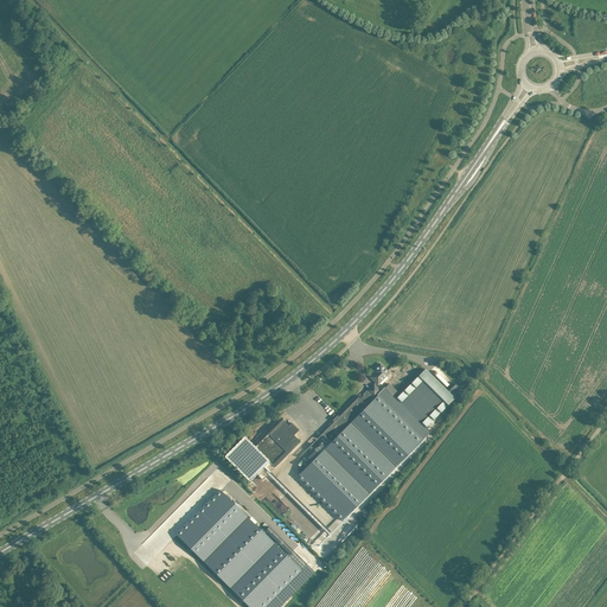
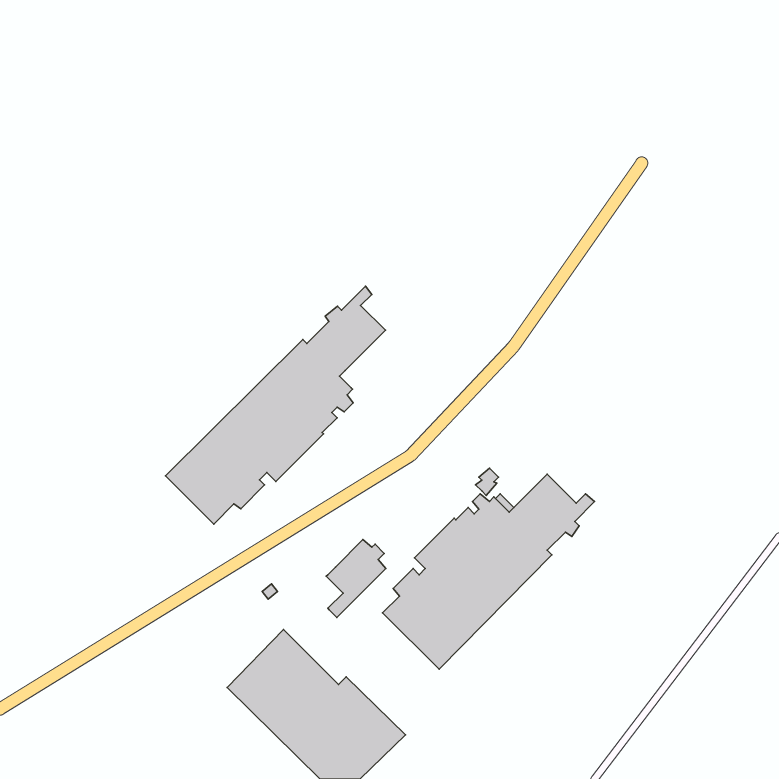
building: none -> [165,286,385,524]
building: [224,436,267,481] -> none

